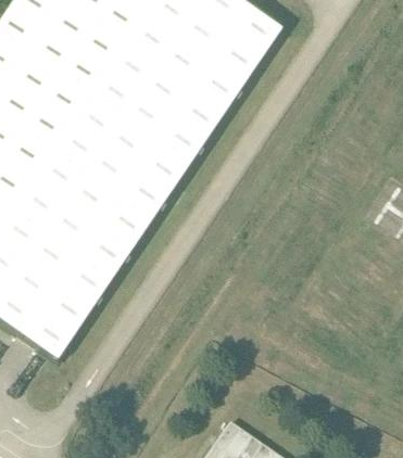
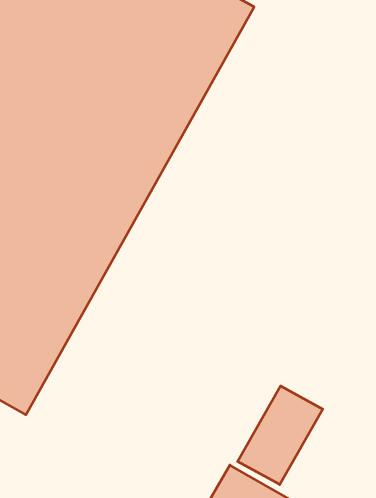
building: none -> [238,386,323,485]

